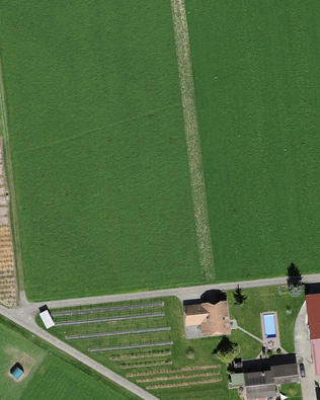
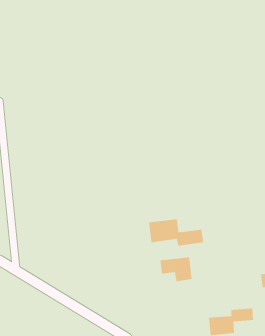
building: none -> [148,219,204,247]

